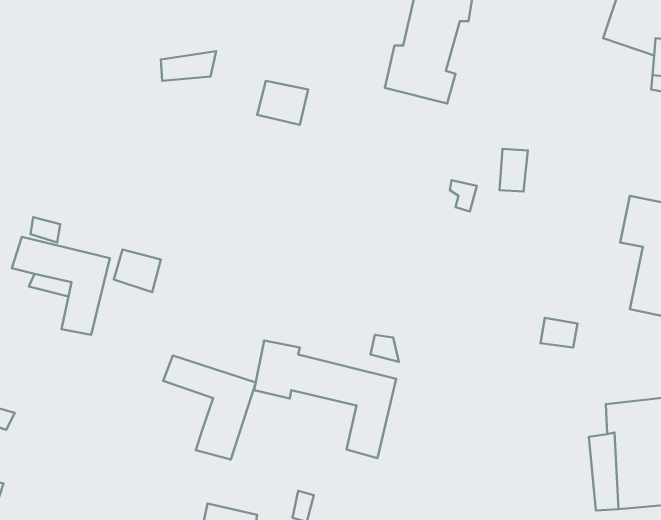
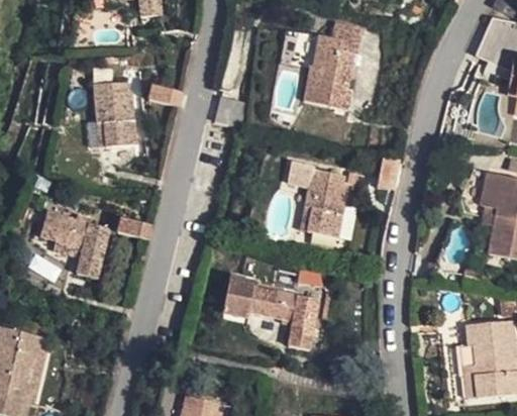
building: none -> [85,80,136,144]
building: none -> [286,158,356,234]
building: [163,355,256,459] -> none

